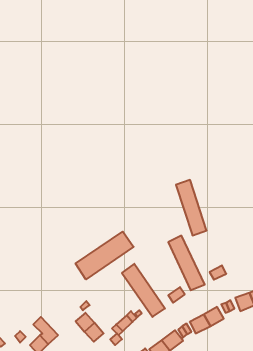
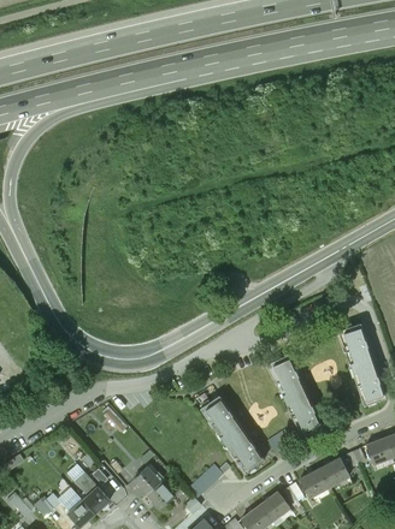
building: [176,180,207,235] -> [340,323,384,404]
building: [76,232,134,279] -> none

